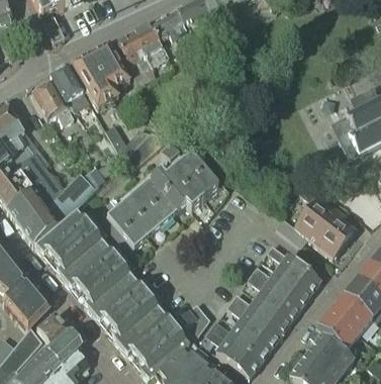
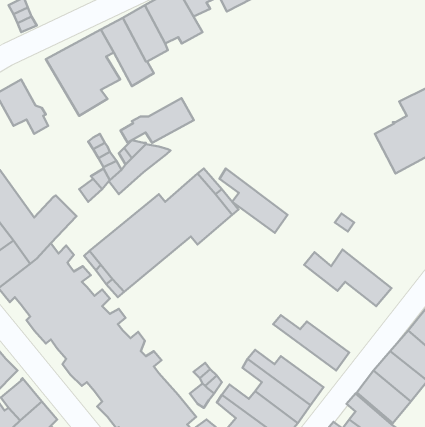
building: [51,64,91,109] -> none
building: none -> [121,98,194,143]
building: [306,193,356,243] -> none
building: [268,243,321,293] -> [219,168,288,233]
building: [248,271,301,320] -> none

